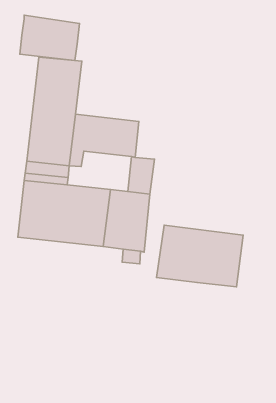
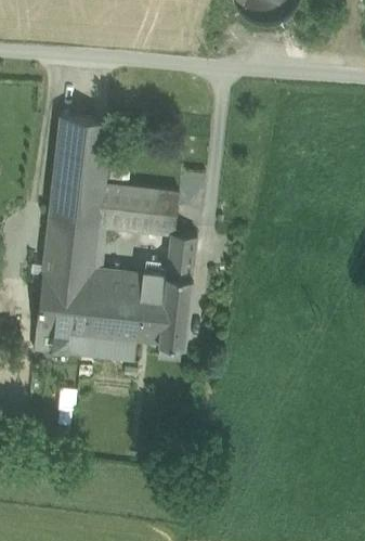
building: [20,15,80,60] -> none
building: [157,225,243,287] -> none
building: none -> [34,327,136,361]

